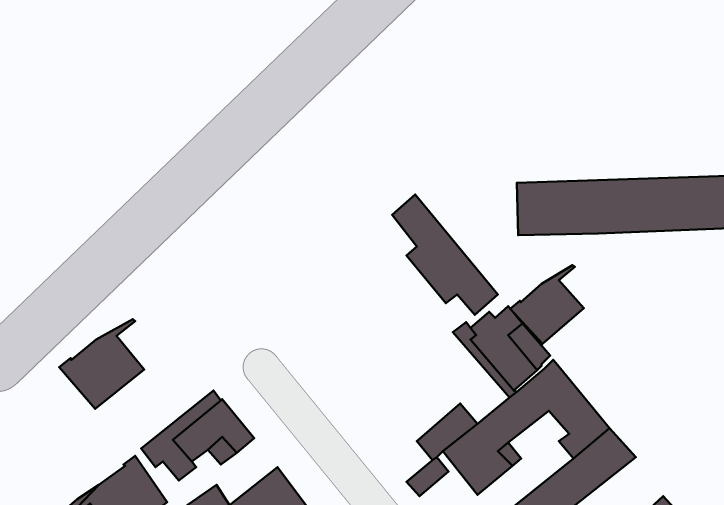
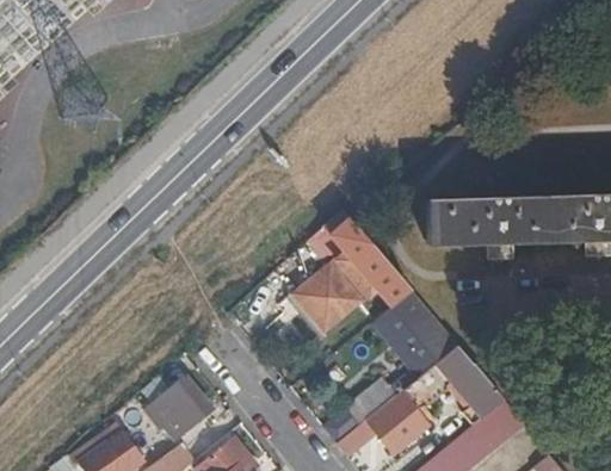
building: none -> [294,264,364,334]
building: [510,265,584,344] -> none
building: [59,319,144,409] -> none

